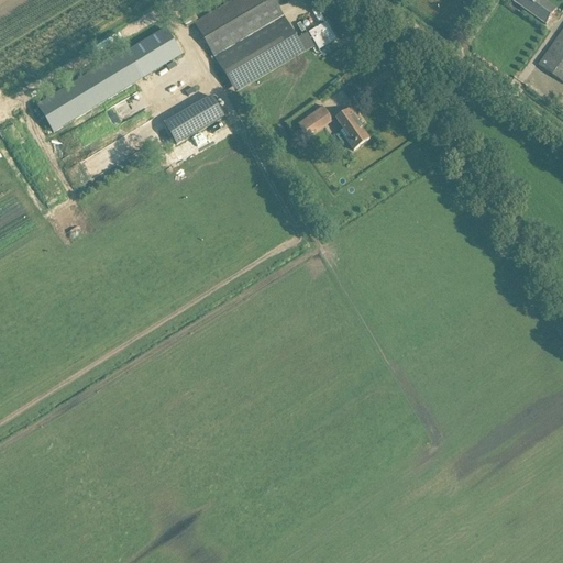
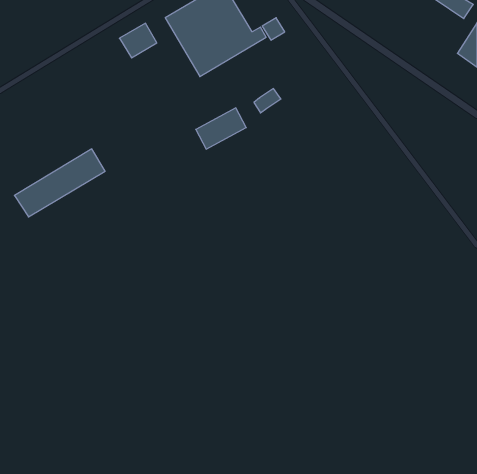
building: [36,49,143,130] -> [14,149,105,217]
building: [164,93,223,142] -> [196,108,246,149]
building: [332,104,369,148] -> none

